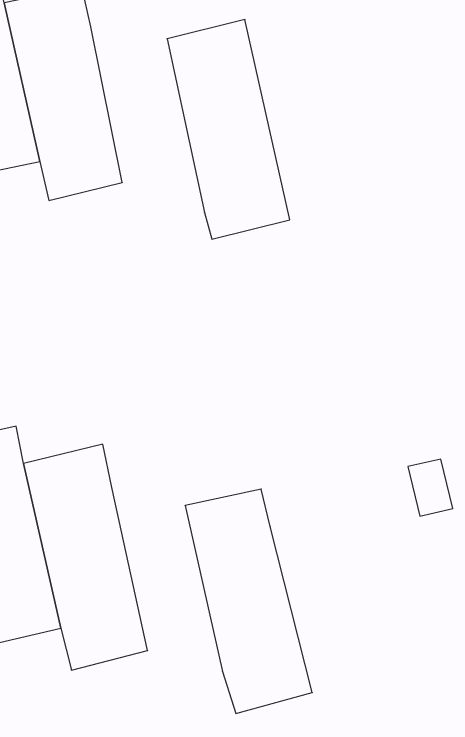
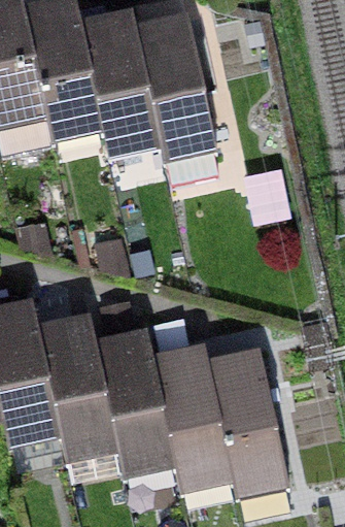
building: none -> [80,13,159,162]
building: none -> [95,331,171,482]
building: none -> [204,354,290,501]

